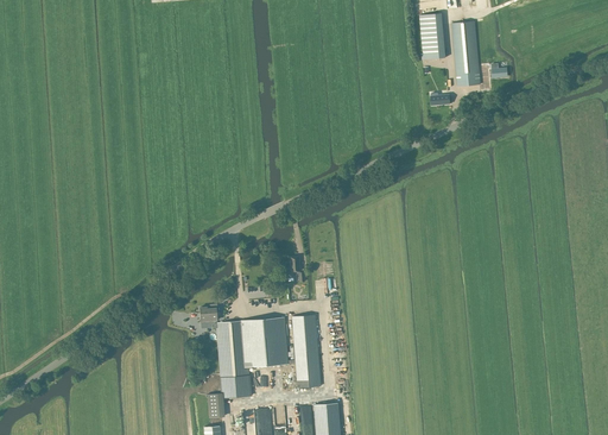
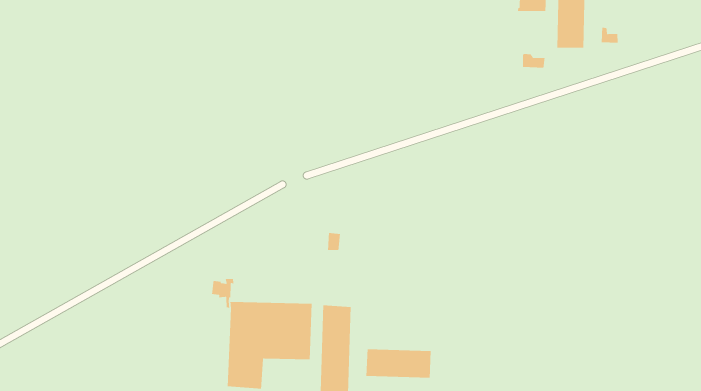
building: none -> [366,348,432,378]

